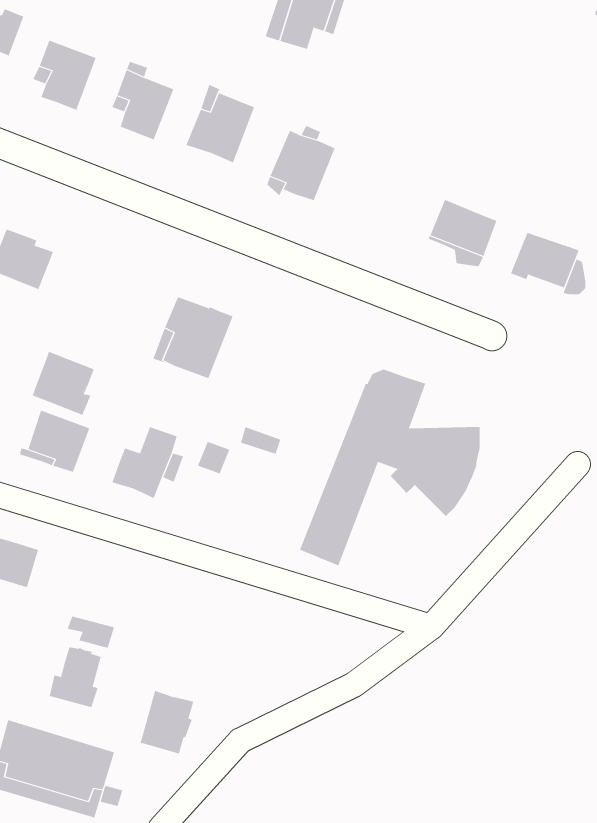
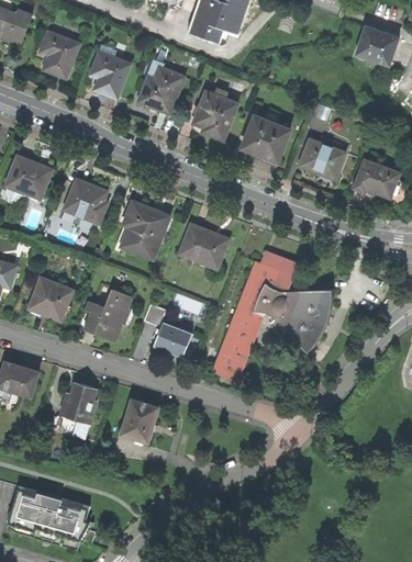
building: none -> [353,24,396,63]
building: none -> [241,116,289,162]
building: none -> [179,225,226,266]
building: [32,351,94,415] -> [64,180,105,223]
building: none -> [154,324,191,358]
building: [49,647,102,708] -> [60,383,96,424]
building: [140,690,194,754] -> [122,400,158,442]

